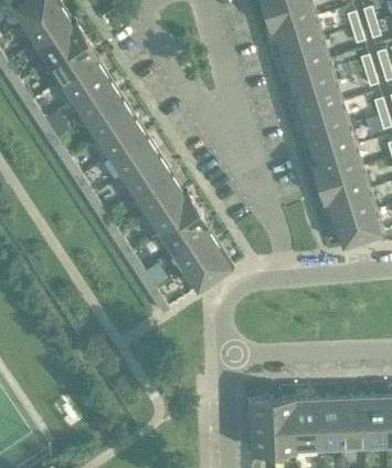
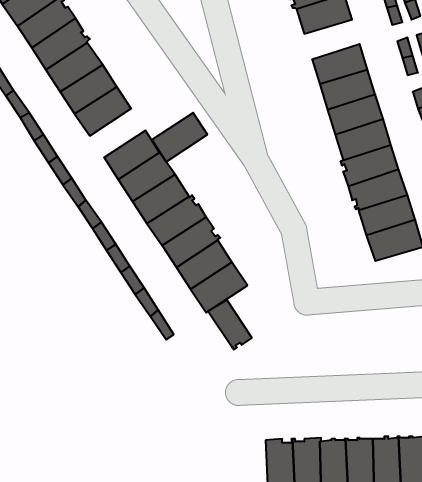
building: [282,42,329,76] -> none
building: [98,118,146,160] -> [152,113,207,162]
building: none -> [208,300,252,350]

